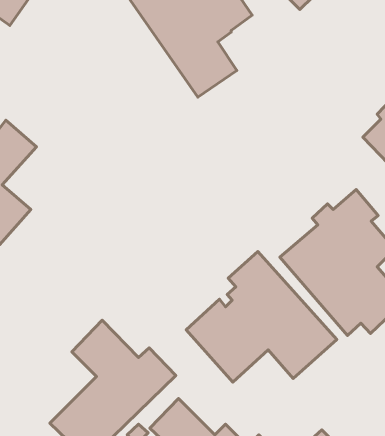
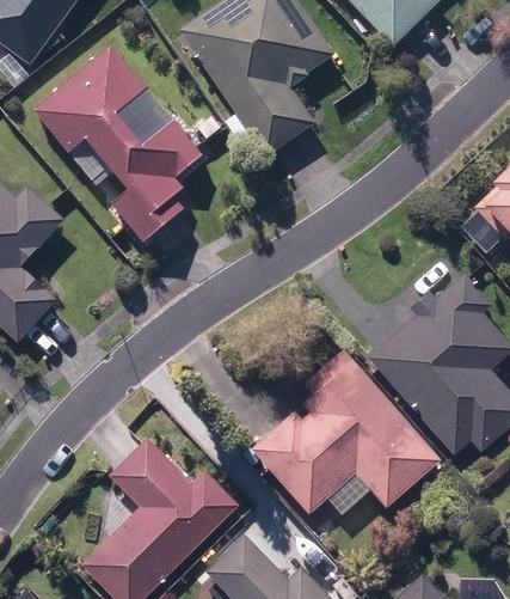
building: none -> [33,45,202,242]

